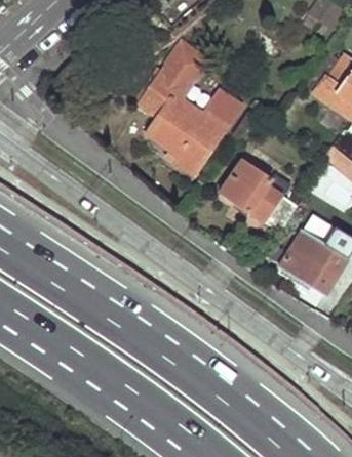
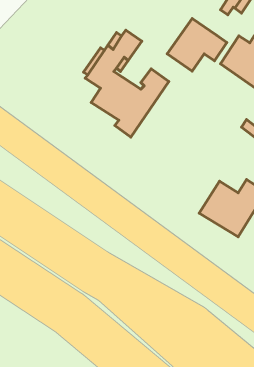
building: none -> [167,18,227,71]
building: [219,159,296,231] -> none

